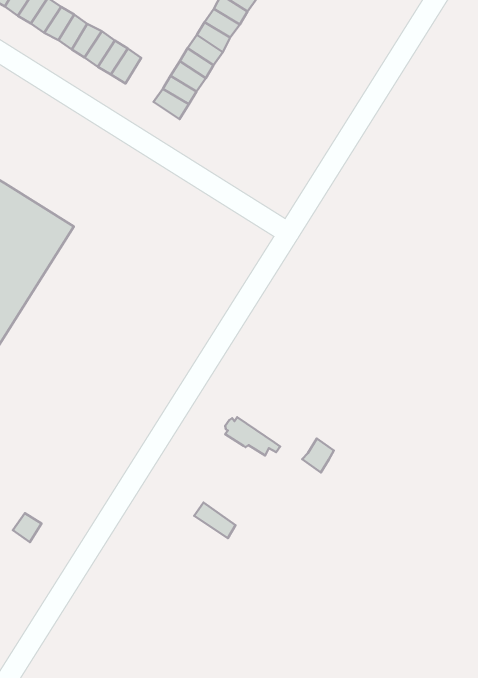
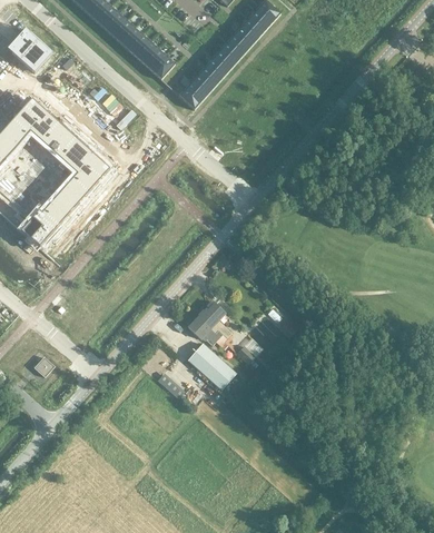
building: none -> [198,300,233,340]
building: none -> [188,343,236,388]

